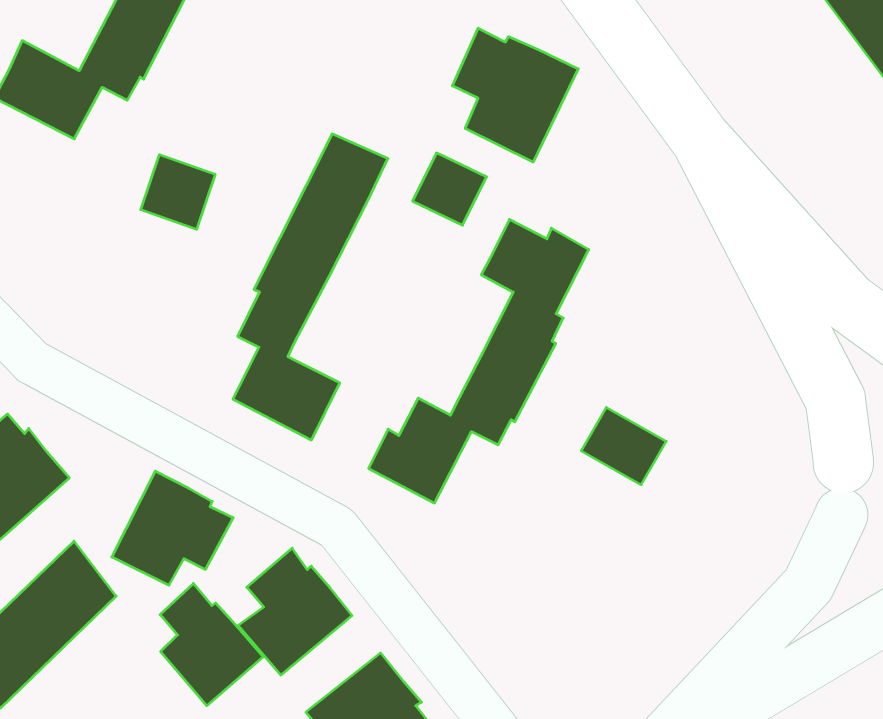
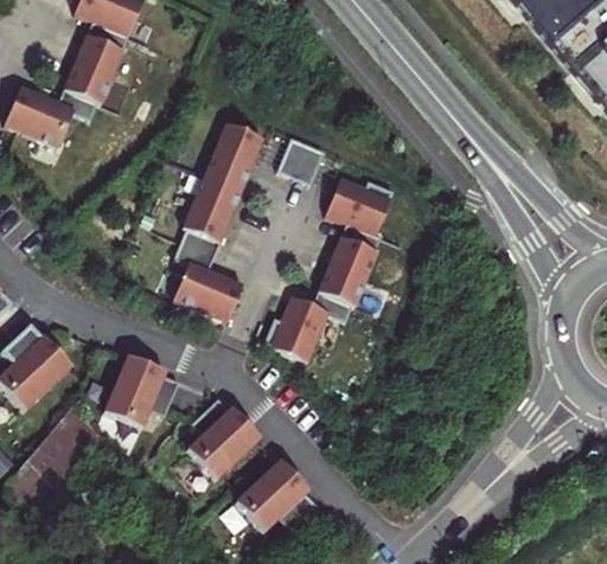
building: [452,28,578,162] -> none
building: [141,155,215,229] -> none
building: [581,407,666,485] -> none
building: [160,583,263,706] -> none

